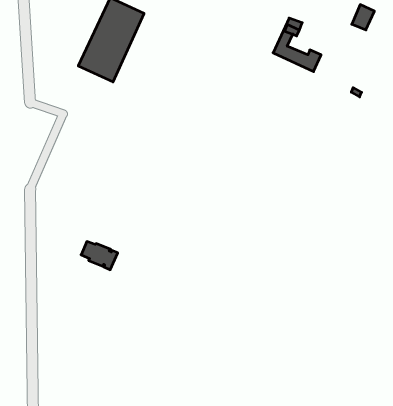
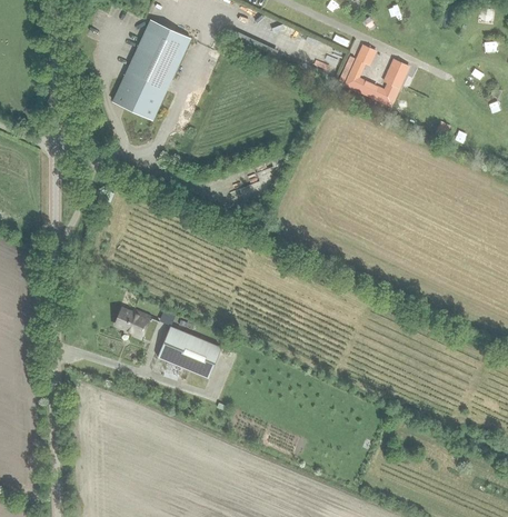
building: [352,5,374,30] -> [382,57,409,87]
building: none -> [157,325,221,377]

